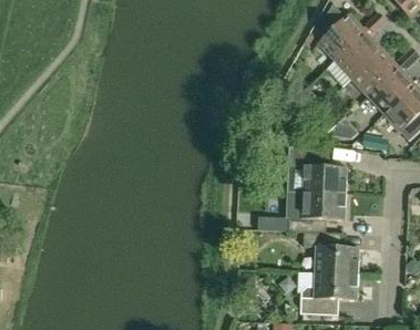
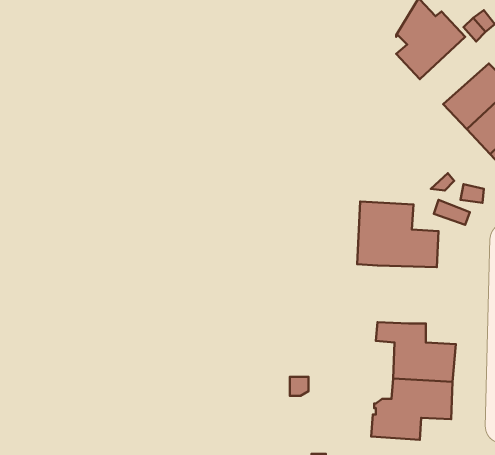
building: [334,31,382,79] -> none
building: [288,193,346,234] -> none

